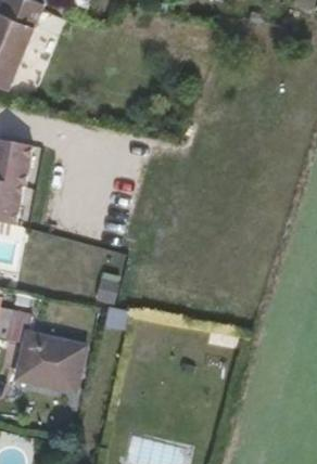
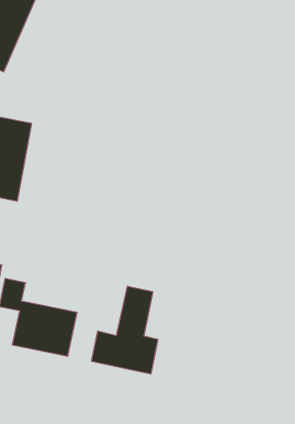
building: none -> [92,286,158,374]

